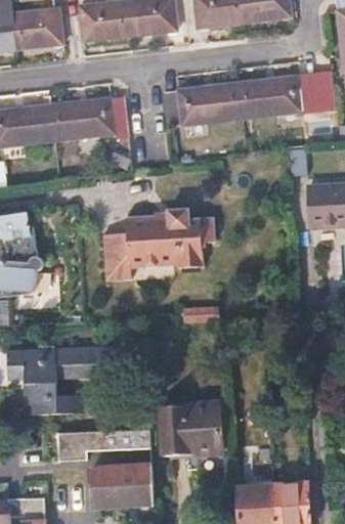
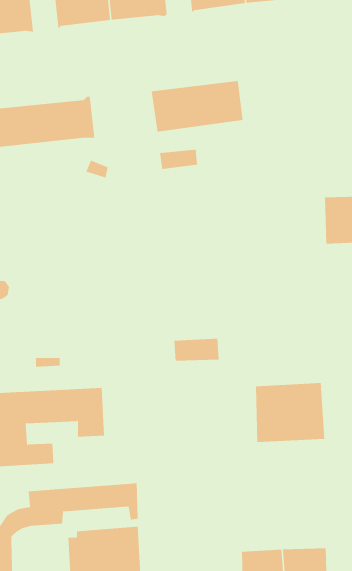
building: [238,73,319,119] -> none
building: [100,208,215,280] -> none
building: [165,402,224,453] -> [255,382,325,443]

